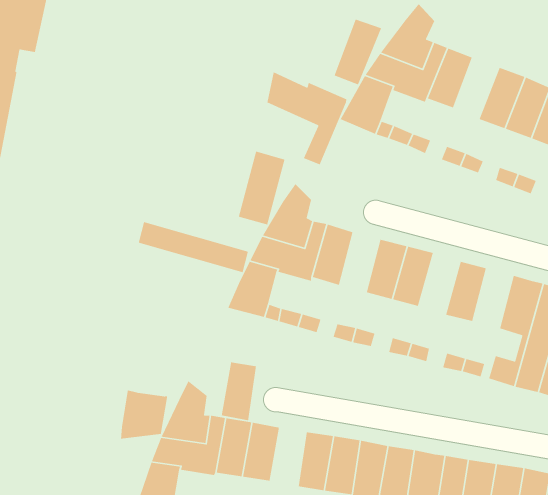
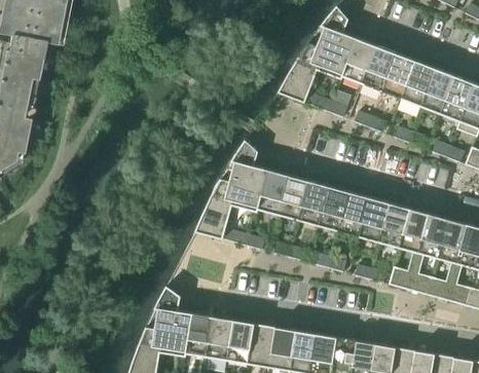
building: [334,18,382,86] -> none
building: none -> [363,45,397,91]
building: [267,71,347,166] -> none
building: [238,151,285,226] -> none
building: [138,221,249,273] -> none
building: none -> [279,175,308,220]
building: none -> [337,190,368,236]
building: none -> [377,201,407,247]
building: [221,362,257,421] -> [227,320,254,364]
building: [120,389,168,440] -> none

